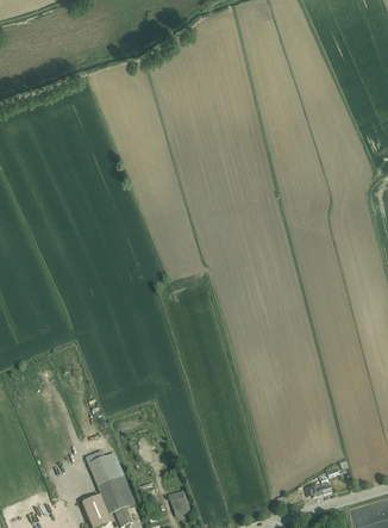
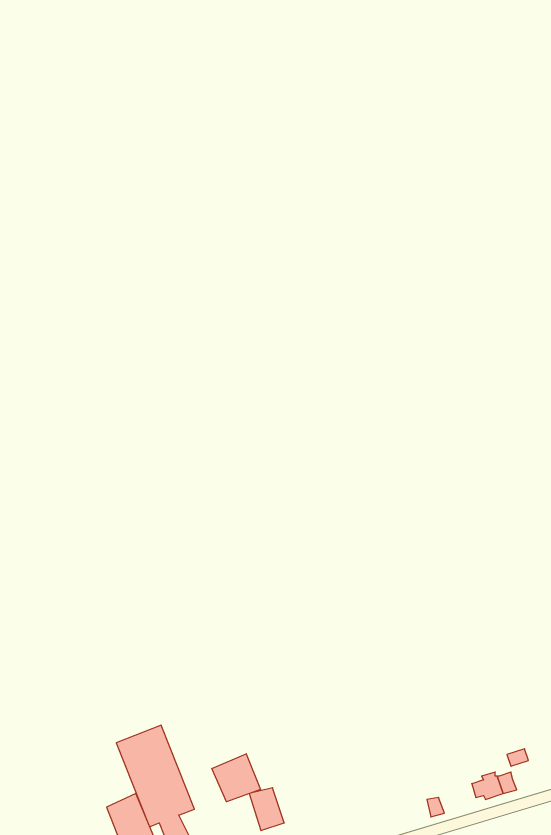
building: none -> [212,754,260,802]

